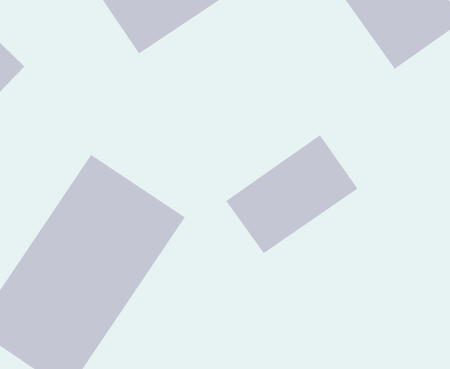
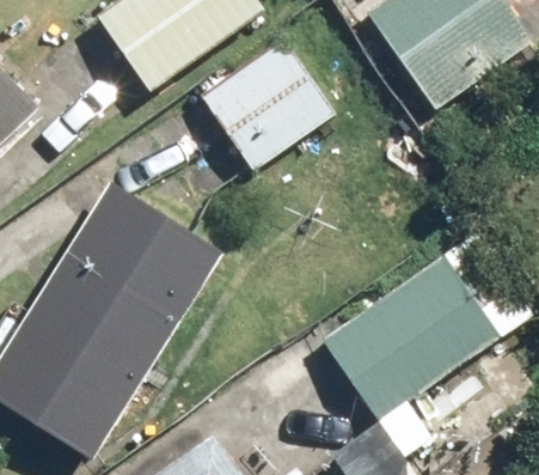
building: none -> [202,41,331,169]
building: [225,134,358,254] -> [333,275,479,407]

